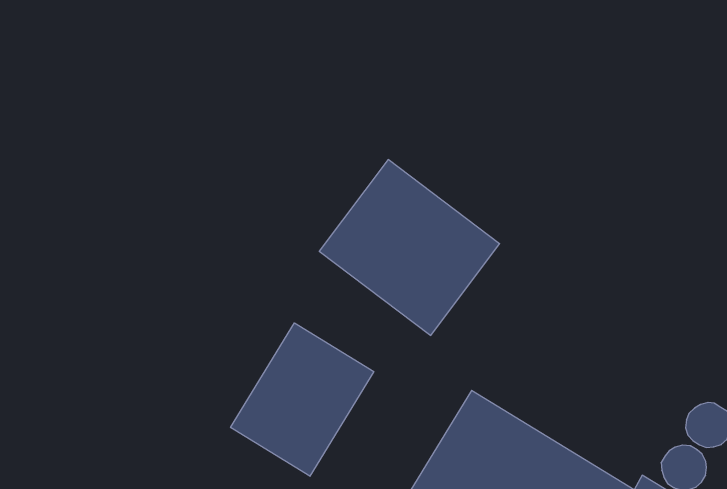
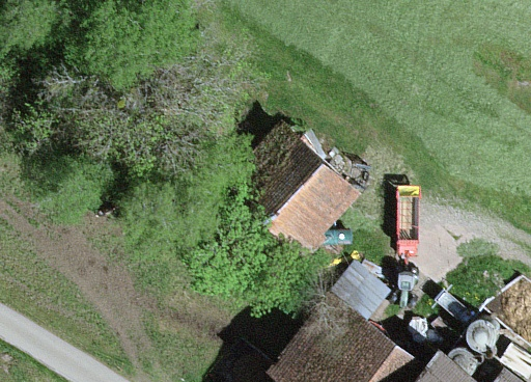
building: [231,323,374,476] -> none

